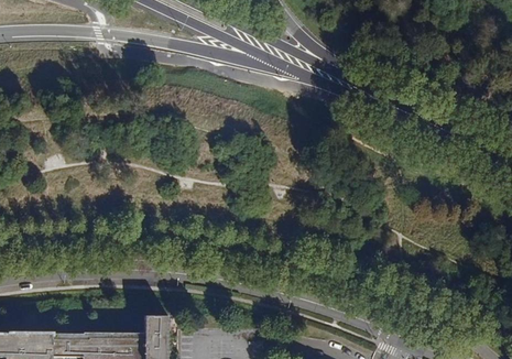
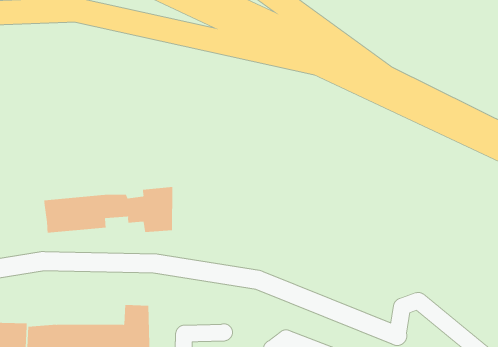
building: none -> [44,186,173,234]

